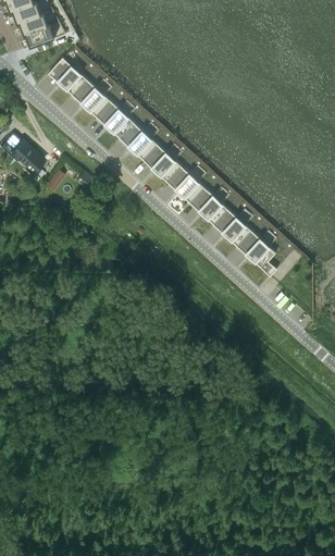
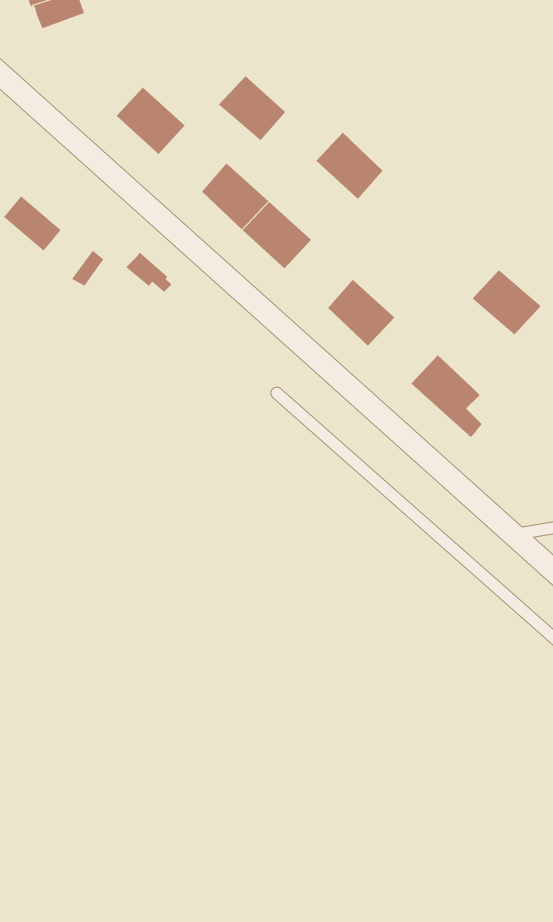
building: [48,57,87,96] -> none
building: [96,101,134,138] -> [218,75,286,141]
building: [166,165,204,203] -> [316,132,383,200]
building: [213,209,252,246] -> [472,269,542,335]

